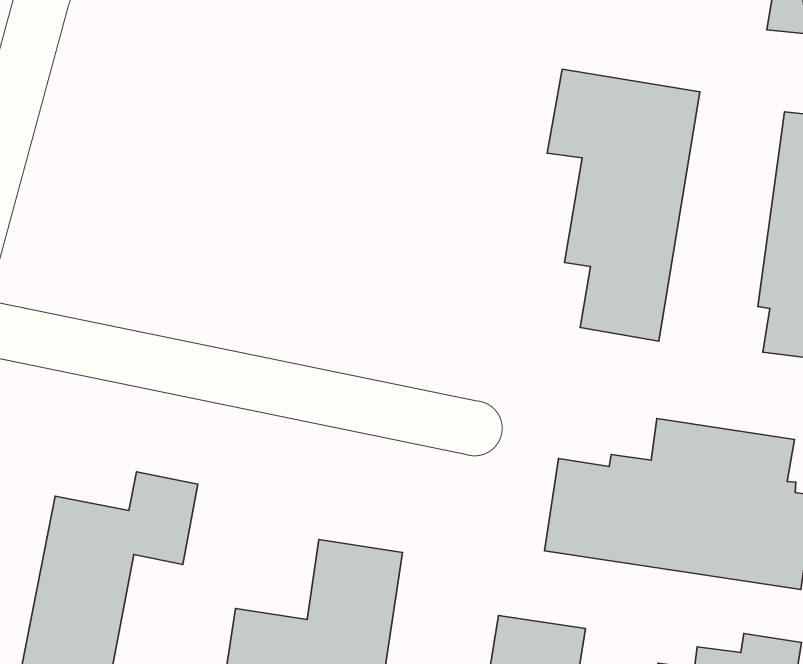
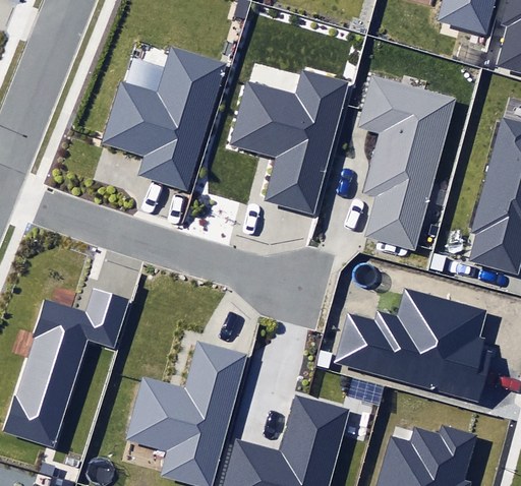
building: none -> [103,46,227,188]
building: none -> [232,68,350,215]

